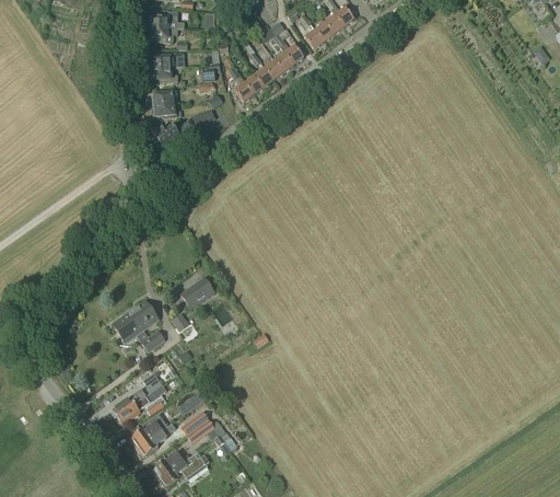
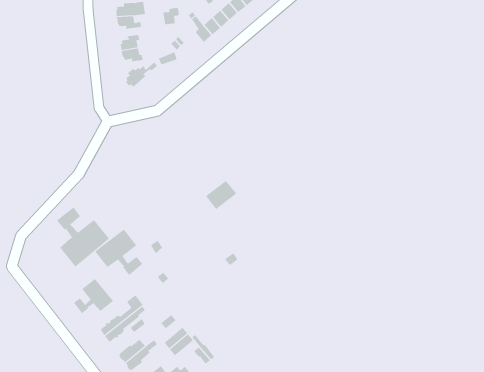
building: none -> [56,207,110,267]
building: [179,277,214,309] -> [205,180,237,210]
building: none -> [73,278,114,314]

